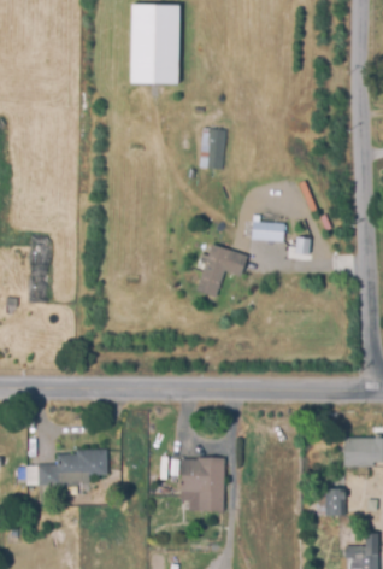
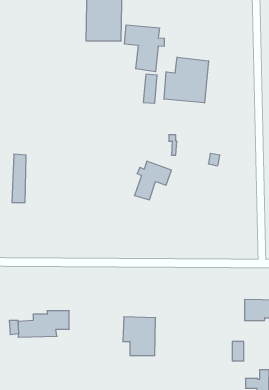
building: none -> [124,25,164,72]
building: none -> [164,57,208,103]
building: [254,216,284,239] -> none

